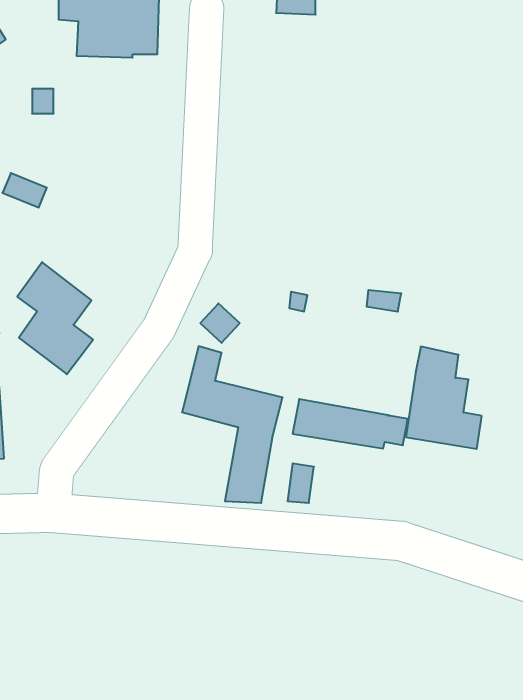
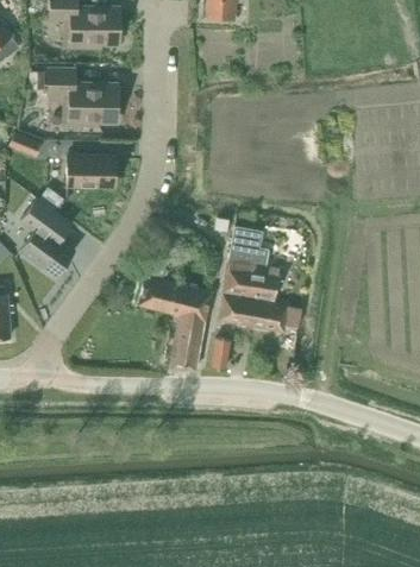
building: none -> [48,69,117,120]
building: none -> [67,155,115,188]
building: [406,347,482,449] -> [222,226,277,300]

